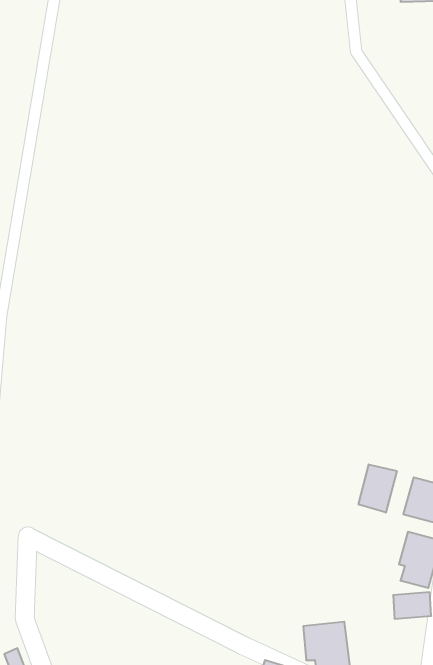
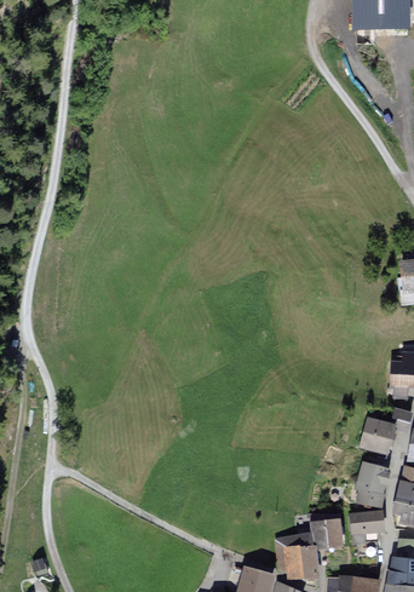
building: [359,464,397,513] -> none
building: none -> [312,519,341,547]

